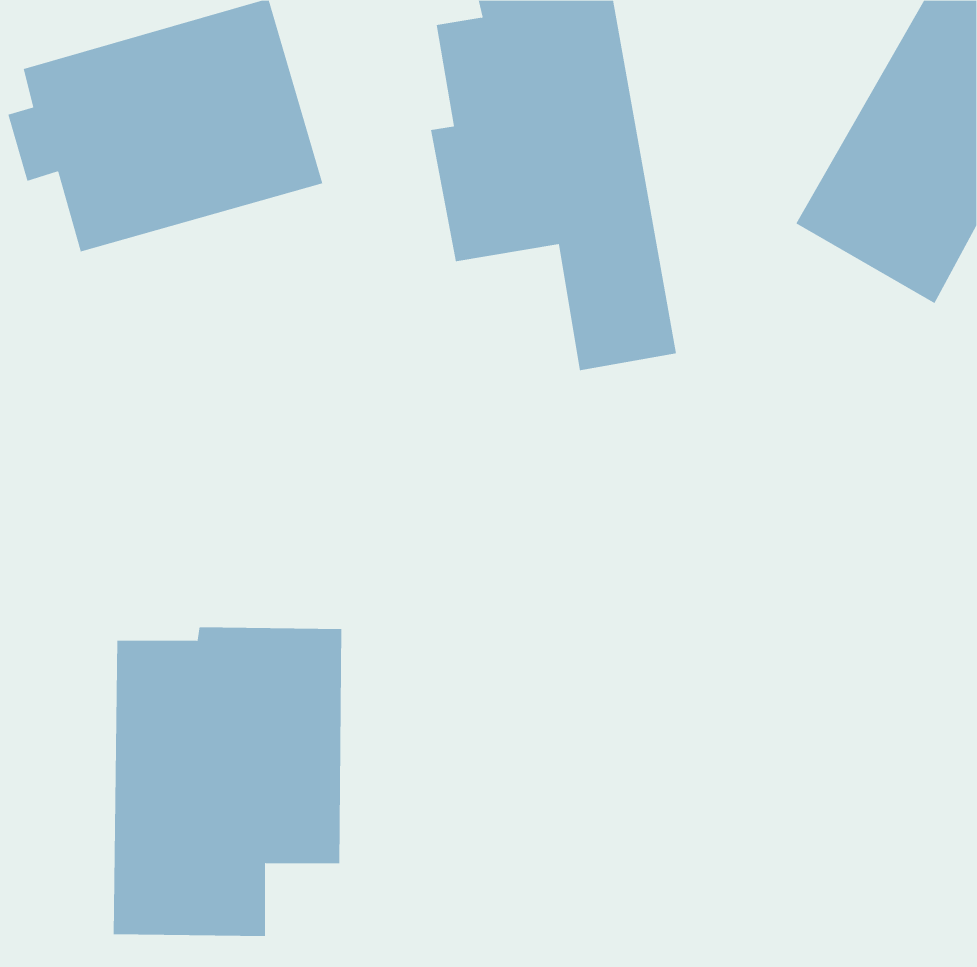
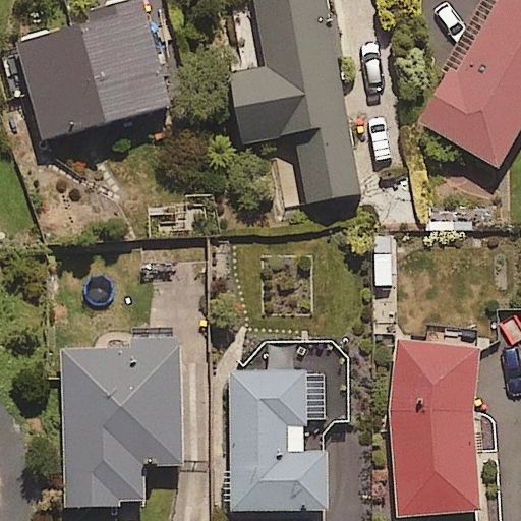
building: none -> [391,344,477,515]
building: none -> [229,346,348,511]

